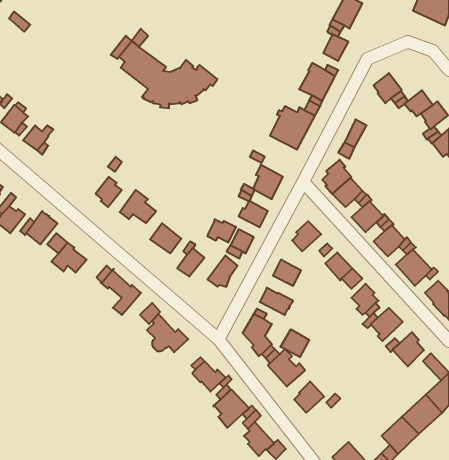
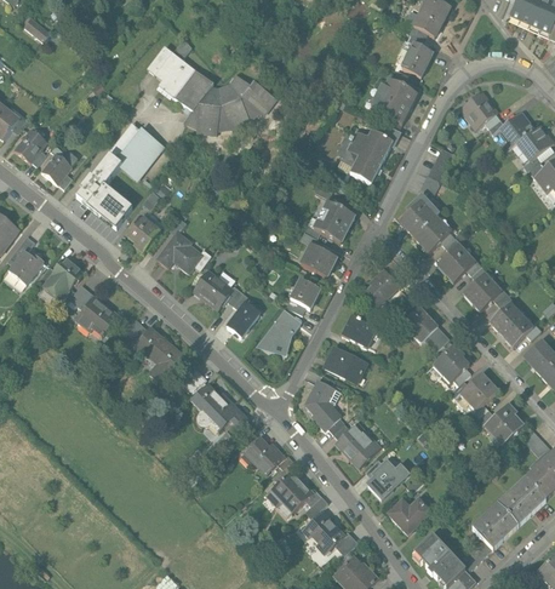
building: none -> [76,125,160,227]
building: [208,219,236,243] -> none
building: [280,329,309,357] -> none
building: none -> [388,501,430,536]

